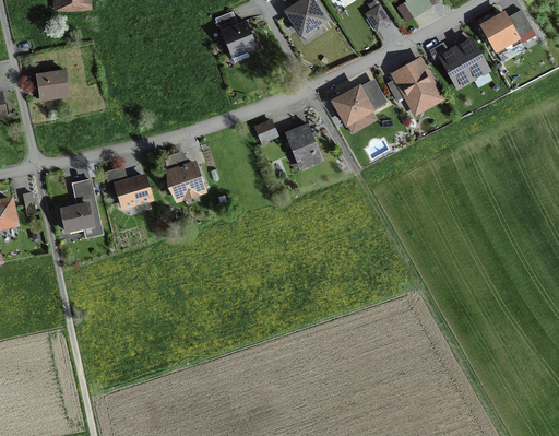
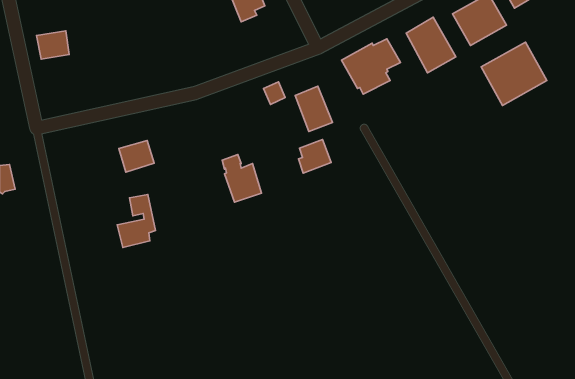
building: none -> [481,42,547,105]
building: [165,154,203,200] -> [222,155,262,202]
building: none -> [298,140,331,173]
building: [60,180,97,232] -> [117,194,156,248]

